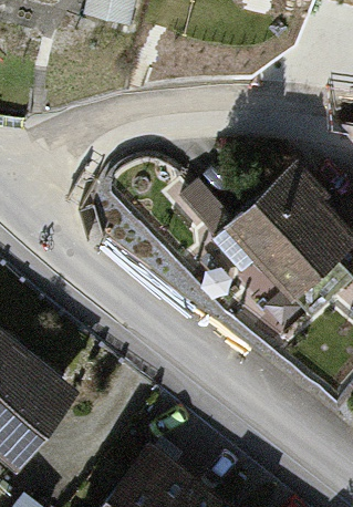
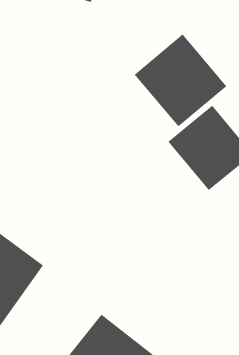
building: none -> [134,34,227,127]

